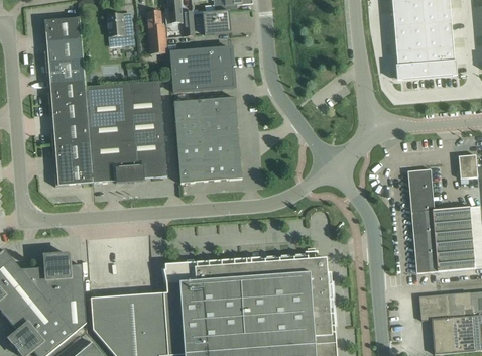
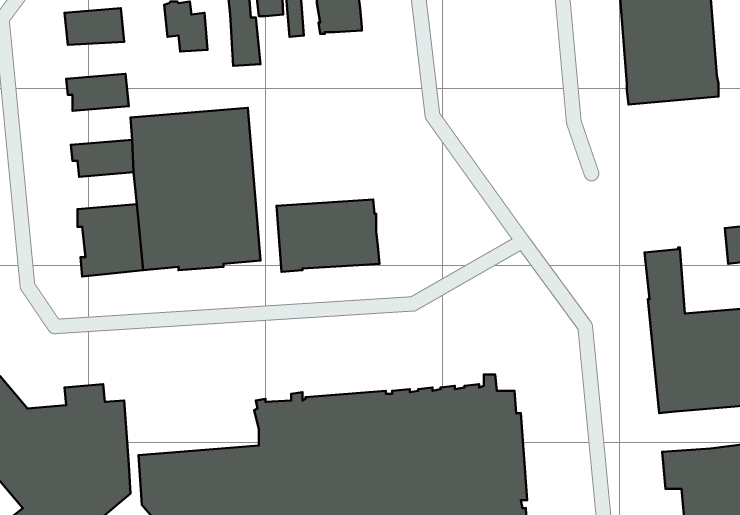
building: [44,39,83,63] -> none
building: [171,47,236,92] -> none
building: [48,80,87,104] -> none
building: [174,97,238,142] -> none
building: [51,121,90,144] -> none

